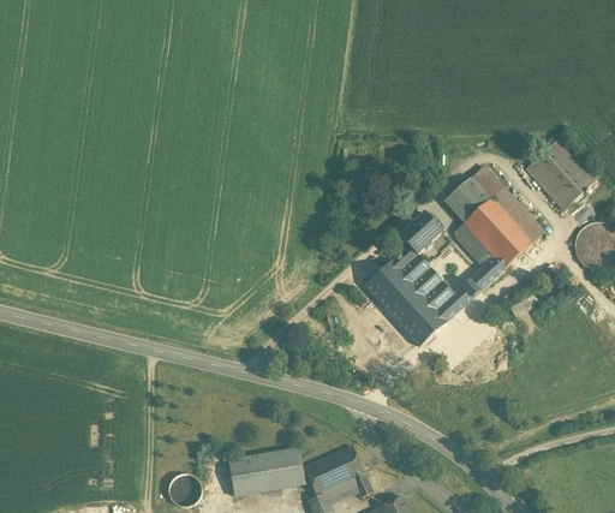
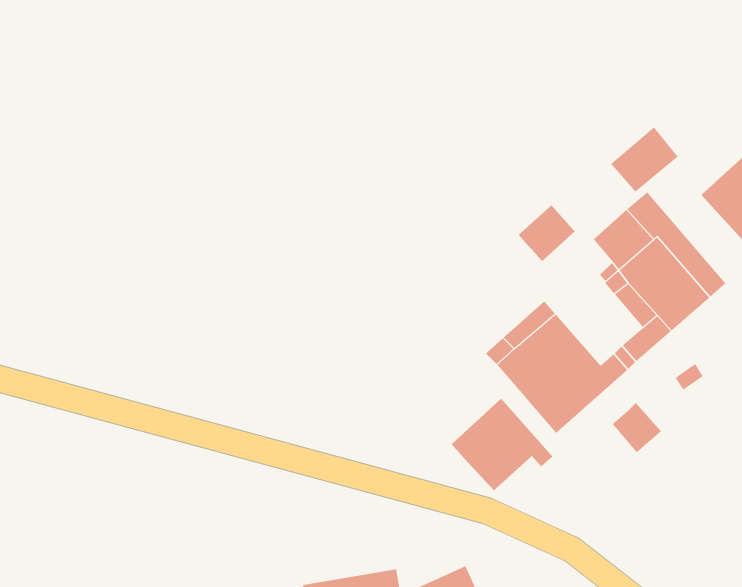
building: none -> [610,126,679,192]
building: [400,213,443,256] -> [518,204,576,262]
building: none -> [451,398,553,491]
building: none -> [612,402,662,453]

